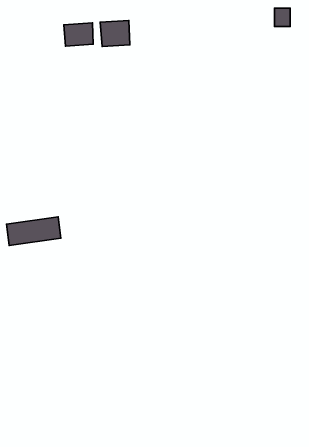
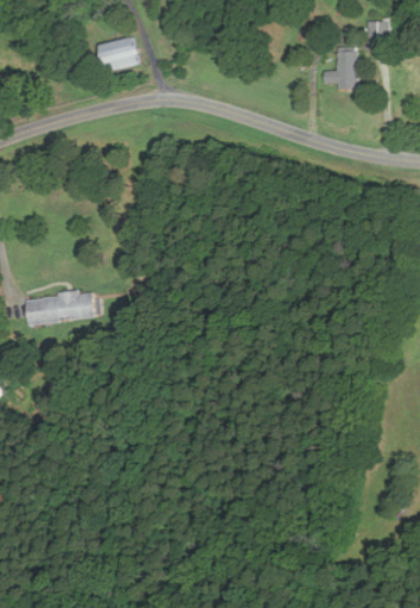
building: [100,20,130,46] -> none
building: none -> [325,52,358,89]

